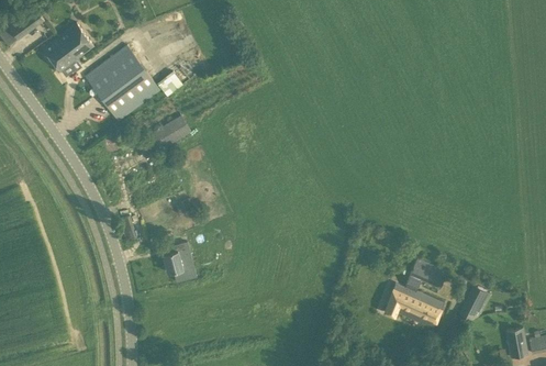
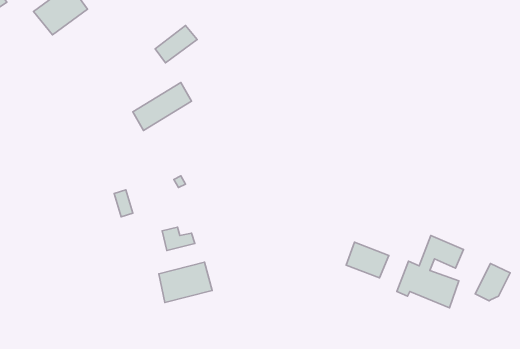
building: [86,45,160,121] -> none
building: none -> [346,242,389,278]
building: none -> [159,262,212,302]

